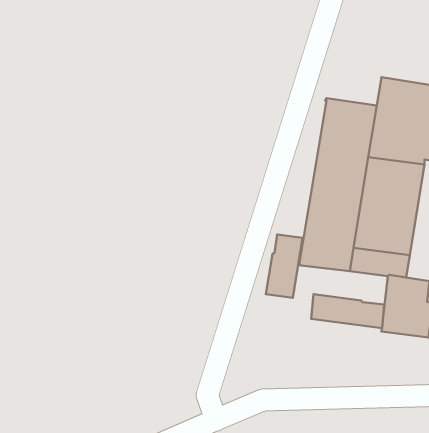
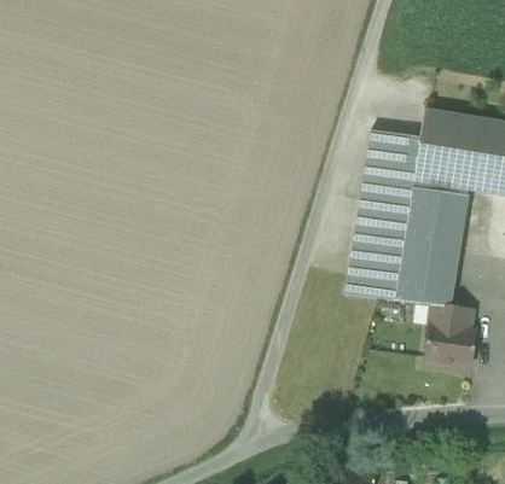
building: [266,235,303,298] -> none
building: [311,294,384,328] -> none

